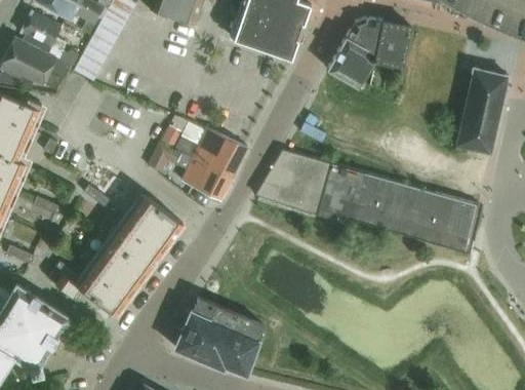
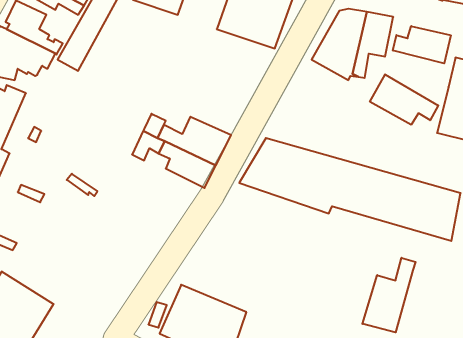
building: none -> [393,26,451,63]
building: none -> [370,74,438,125]
building: [46,196,183,315] -> none
building: none -> [362,258,416,332]

